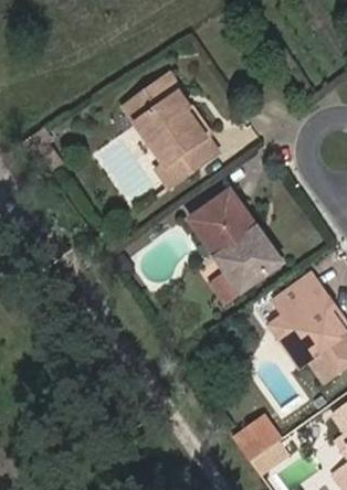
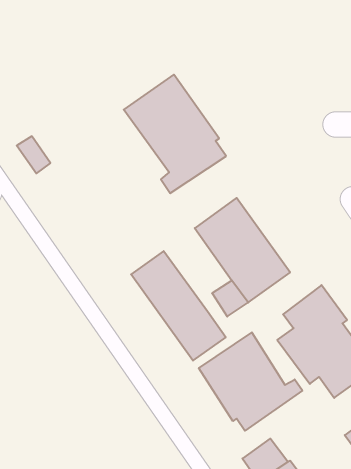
building: none -> [131,251,226,361]
building: none -> [199,332,302,431]

